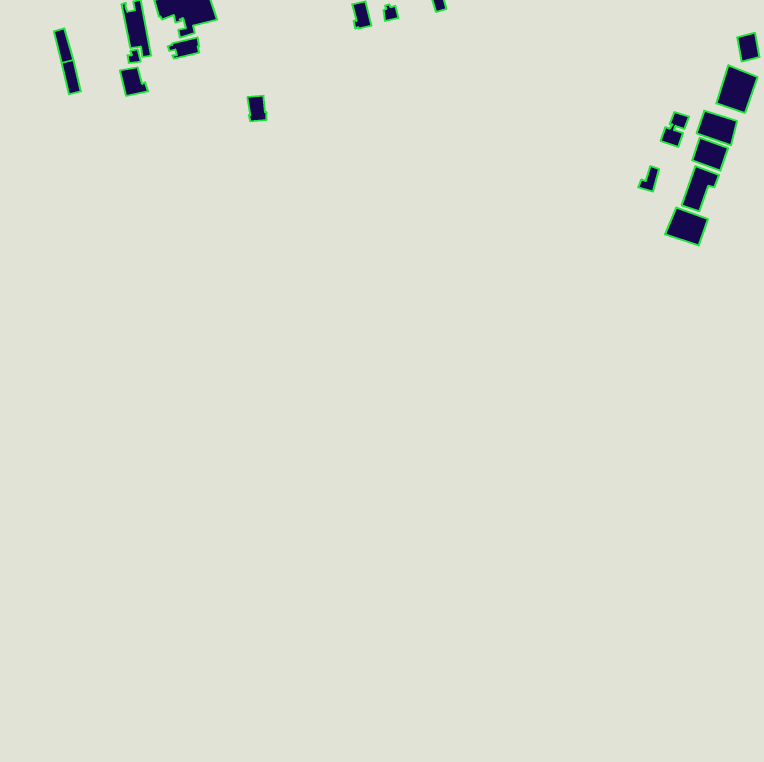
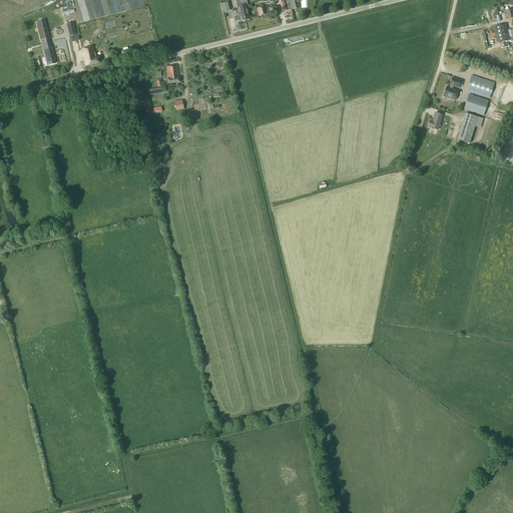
building: [716,65,757,113] -> none
building: [665,207,708,246] -> none

